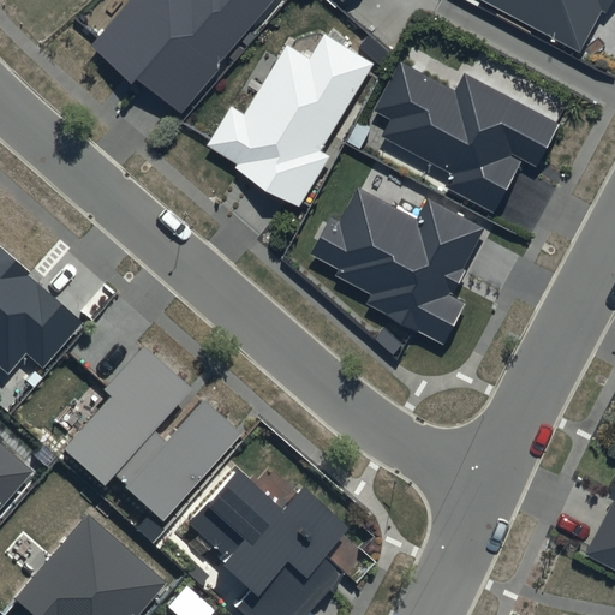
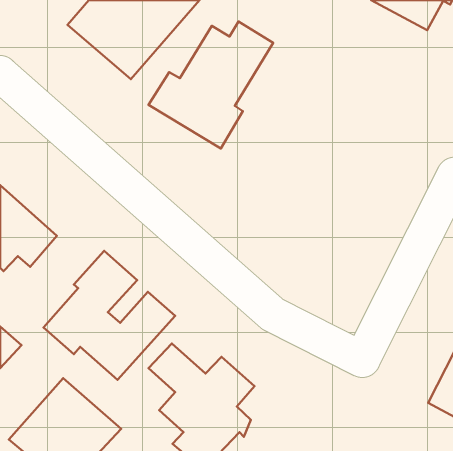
building: [375,61,561,213] -> none
building: [312,189,482,347] -> none

